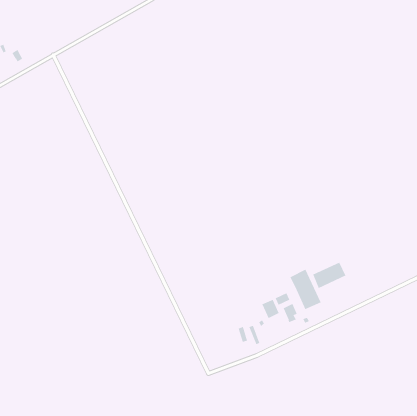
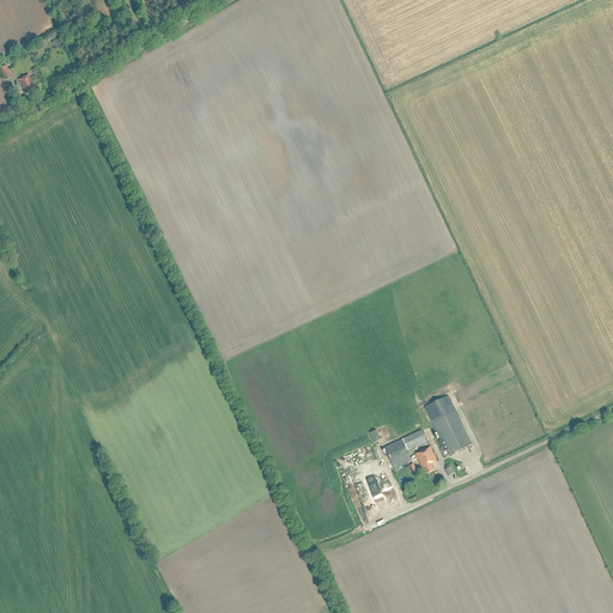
building: [312,262,346,289] -> none

